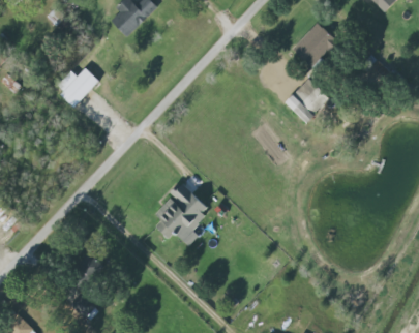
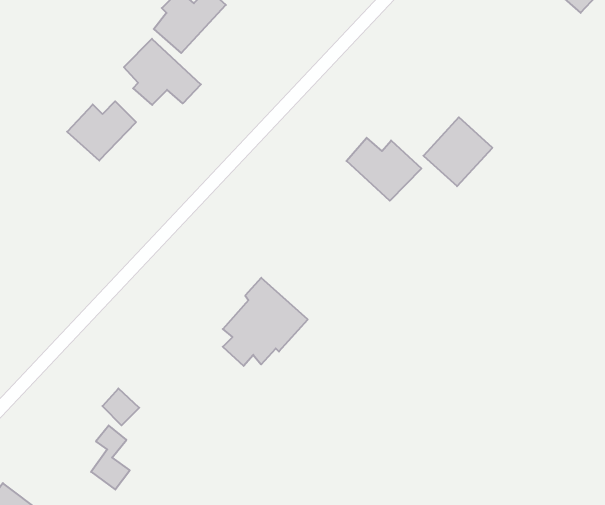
building: [291,21,337,68] -> none
building: none -> [124,39,201,105]
building: none -> [346,138,421,201]

